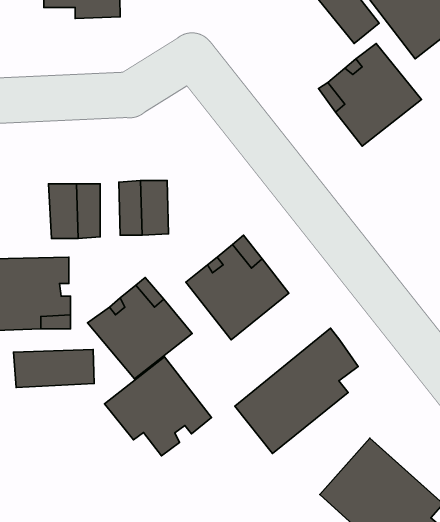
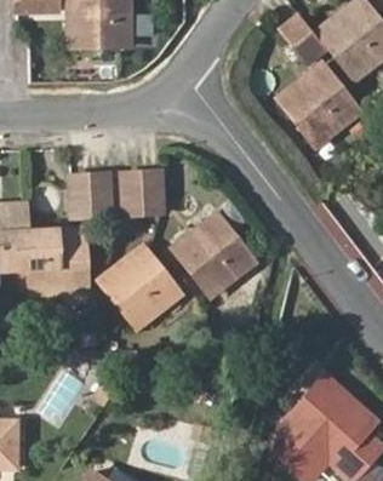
building: [235,328,358,453] -> none
building: [14,349,94,388] -> none
building: [105,357,211,456] -> none

